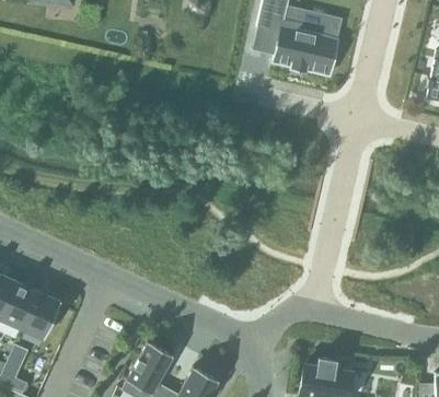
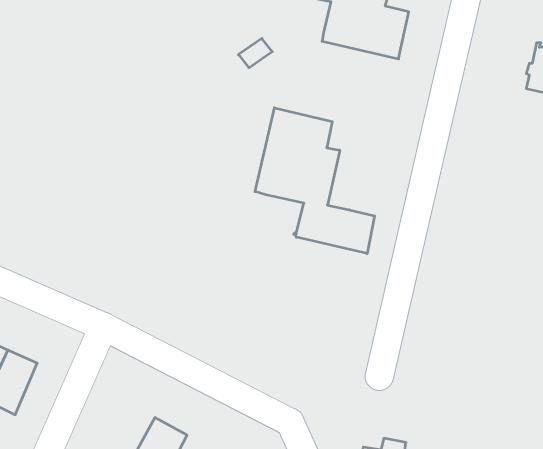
building: none -> [255,108,375,254]

